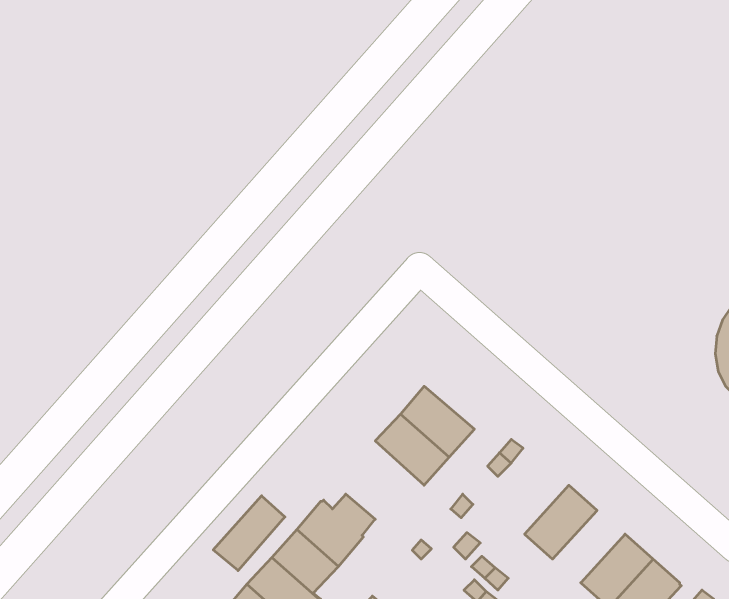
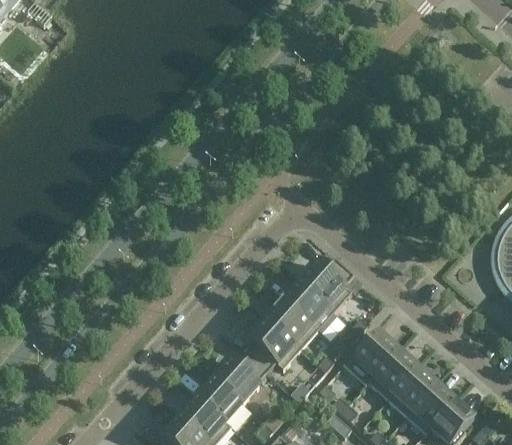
building: none -> [300,258,354,312]
building: none -> [247,320,300,373]
building: none -> [352,332,398,383]
building: [213,496,285,571] -> none
building: none -> [387,367,436,416]

